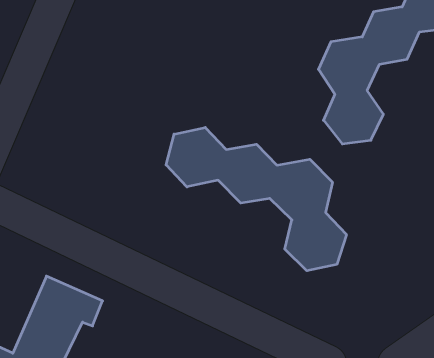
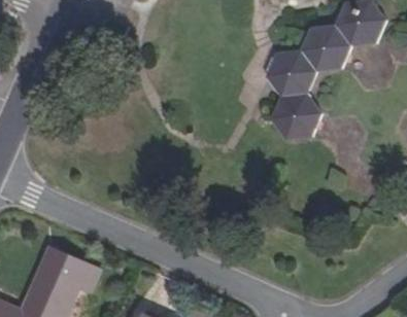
building: [166,127,346,271] -> none

